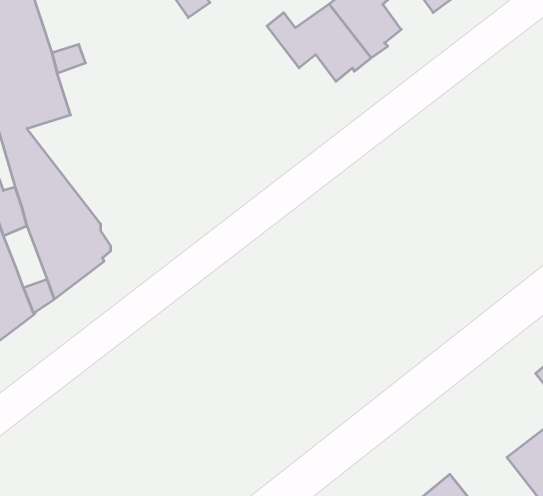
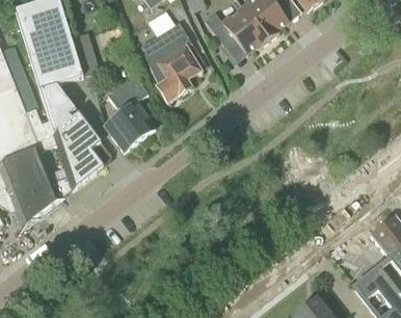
building: none -> [143,20,200,102]
building: none -> [104,75,156,151]

